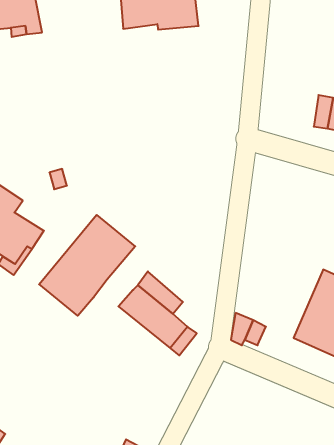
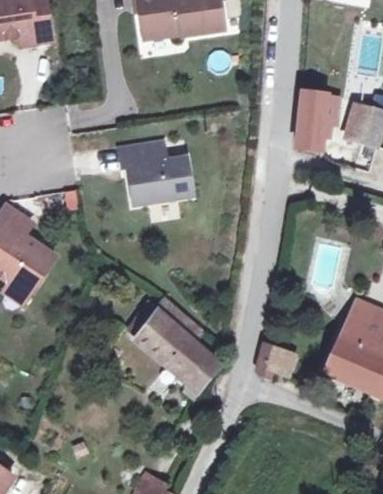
building: none -> [293,90,332,151]
building: none -> [118,140,191,204]
building: [39,215,135,316] -> none

